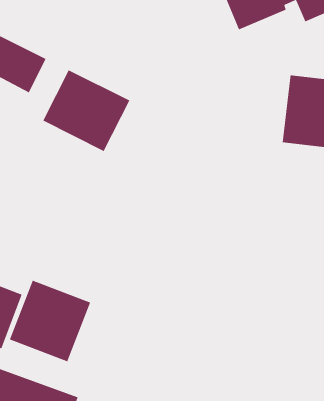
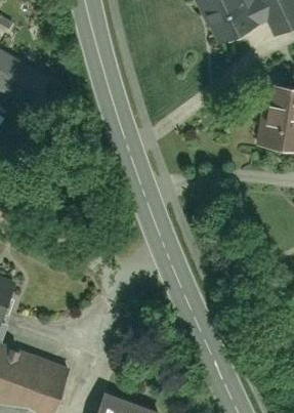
building: [42,69,130,152] -> none
building: [9,280,91,362] -> none

